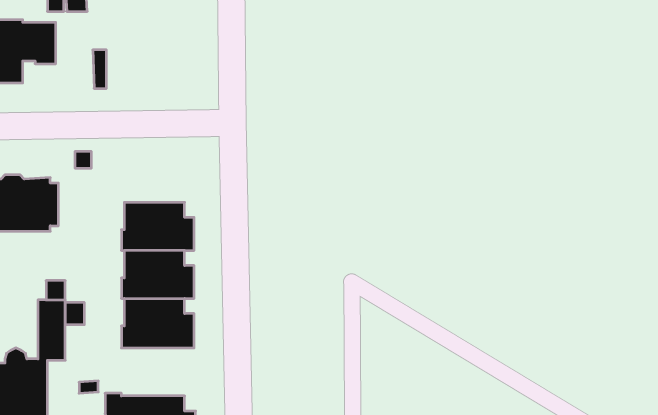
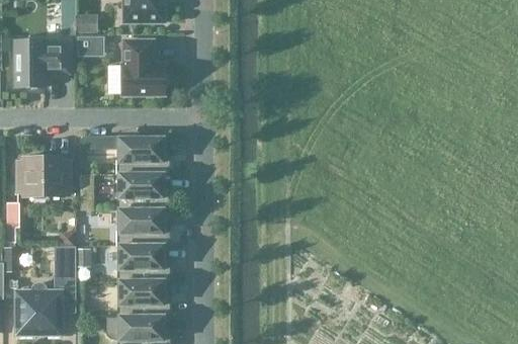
building: none -> [78,36,104,57]
building: none -> [121,40,168,95]
building: none -> [116,138,170,175]
building: none -> [116,282,171,318]

